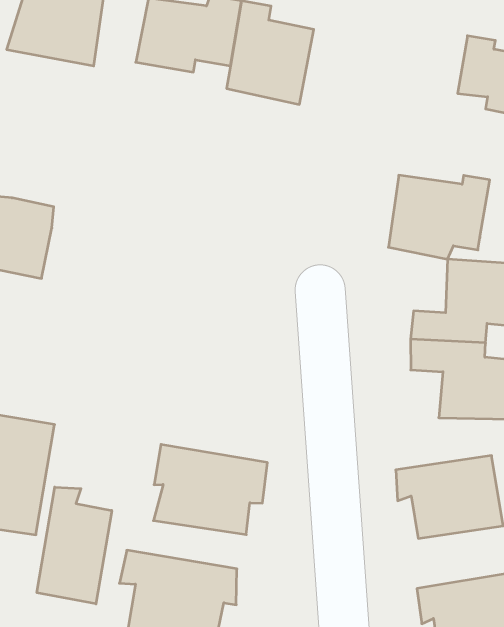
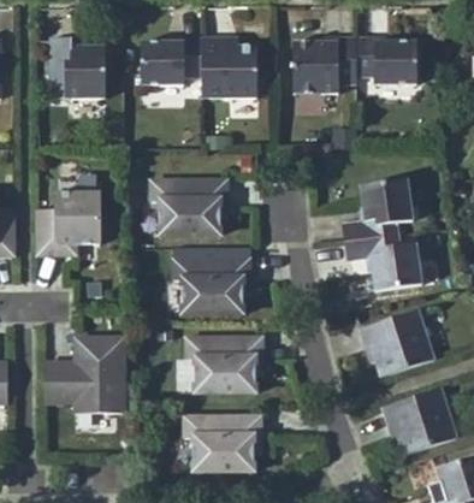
building: [388,175,490,259] -> [294,32,355,90]
building: none -> [152,176,226,233]
building: none -> [172,256,248,312]
building: [37,487,112,604] -> none

